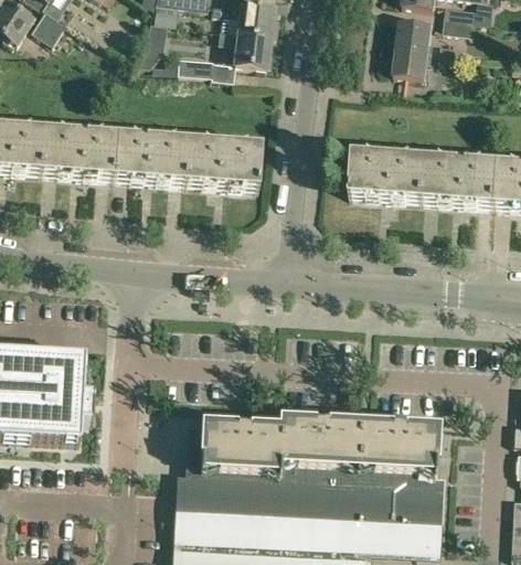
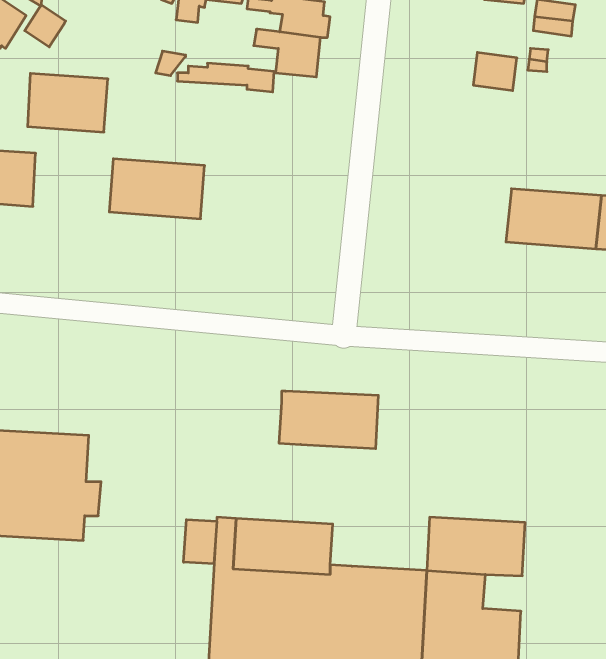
building: [398,17,434,47] -> none
building: [39,125,104,172] -> [28,73,108,132]
building: [174,135,262,183] -> none
building: [351,148,426,196] -> none
building: [279,416,360,462] -> [279,391,378,449]
building: none -> [184,520,217,564]
building: [403,466,435,495] -> none

